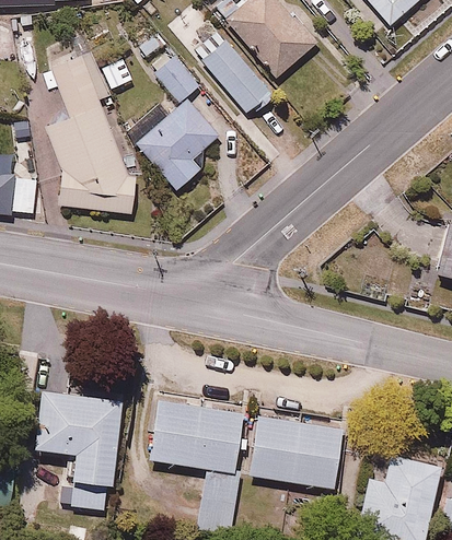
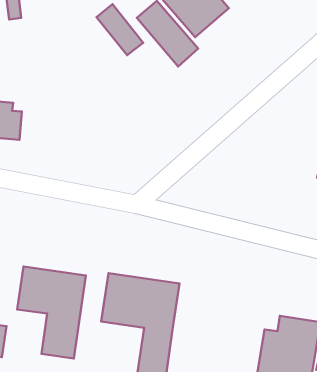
building: [45,45,137,212] -> none
building: [136,96,221,189] -> none
building: [241,412,346,489] -> none

